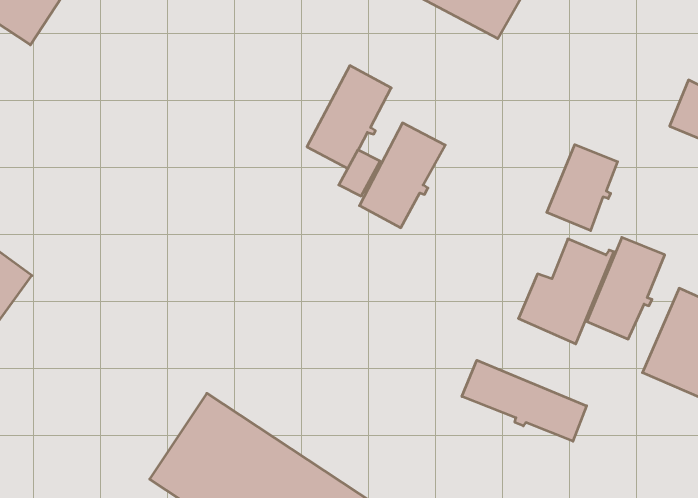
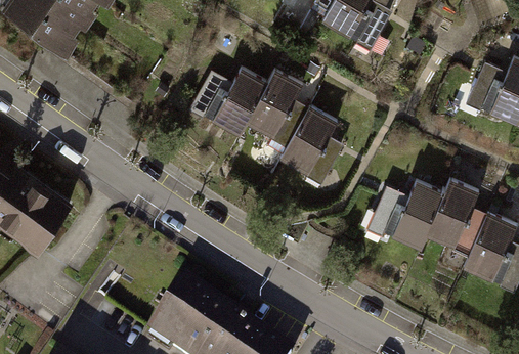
building: none -> [204,65,266,131]
building: [547,145,618,231] -> none
building: [462,360,587,441] -> none

